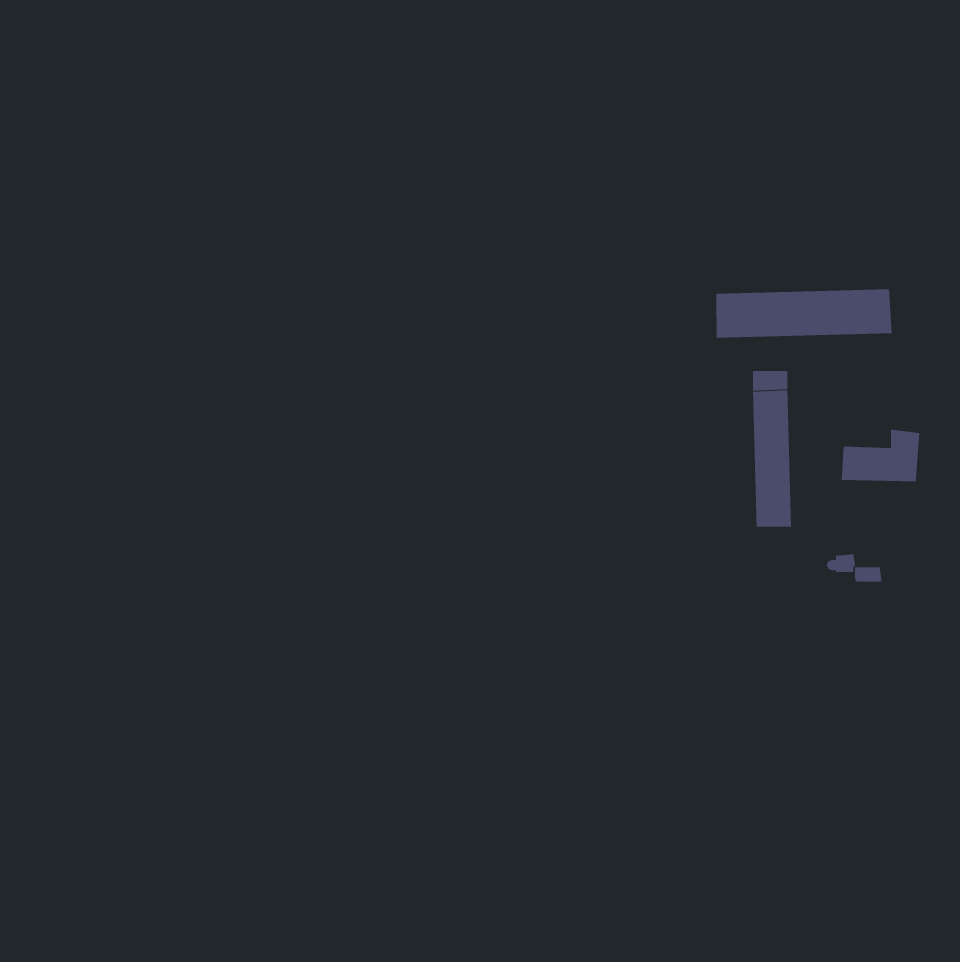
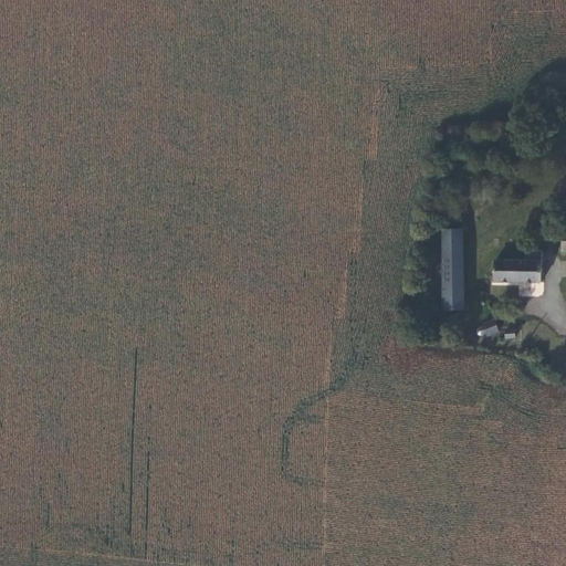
building: [716,289,892,338] -> none

